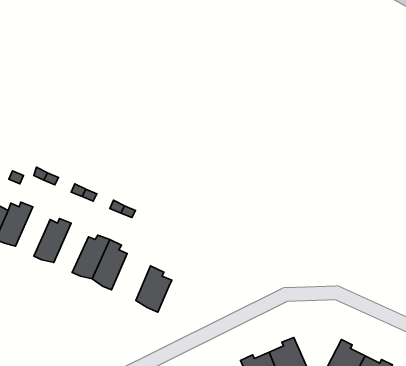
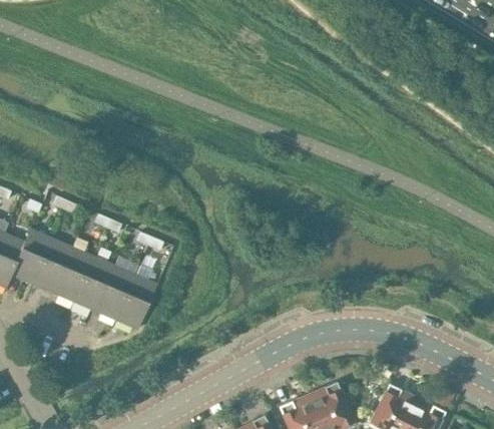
building: none -> [31,238,69,292]
building: none -> [73,256,111,310]
building: [136,266,172,312] -> none

